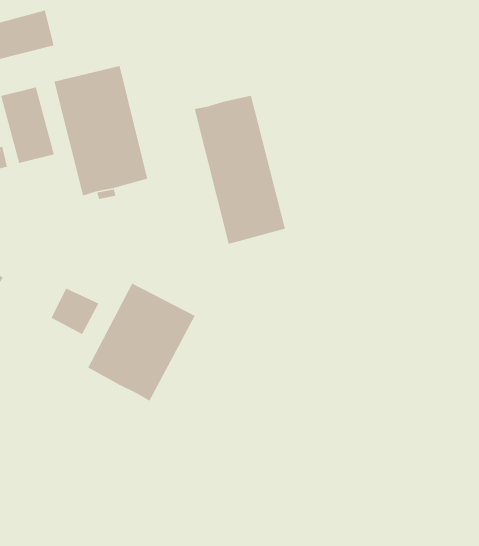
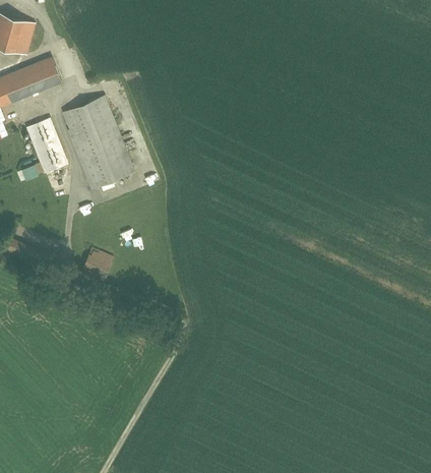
building: [194,95,286,245] -> none
building: [87,282,196,402] -> none

